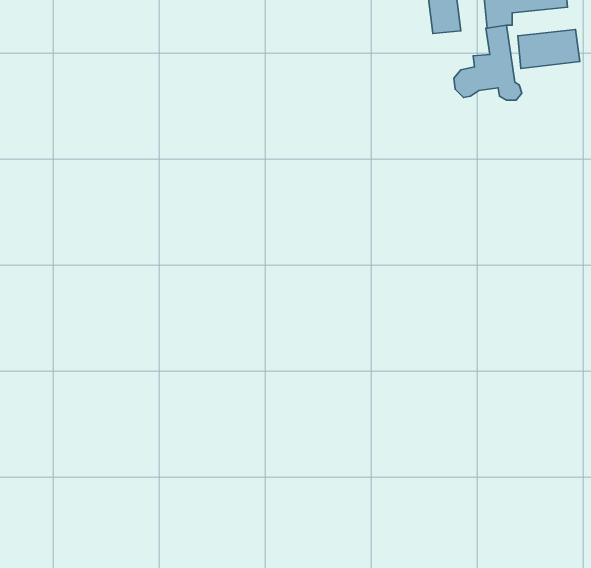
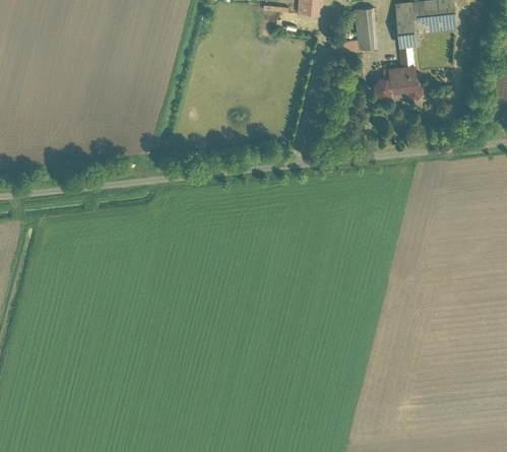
building: [518,29,580,68] -> none

